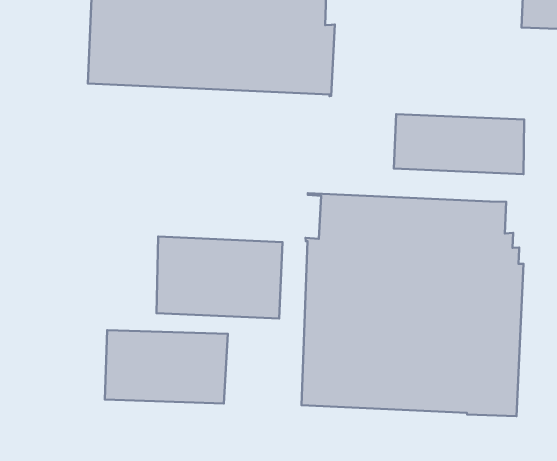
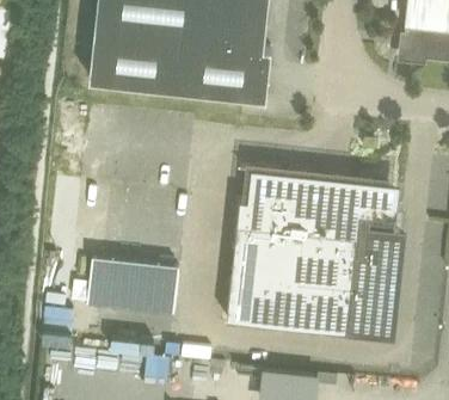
building: [394,114,524,174] -> none
building: [156,237,282,318] -> none

